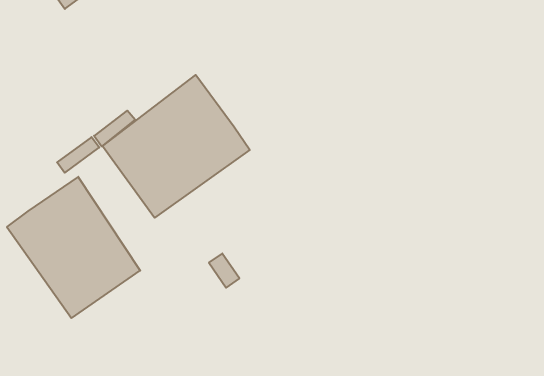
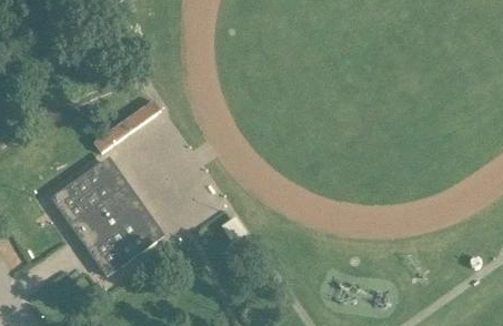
building: [102,75,250,218] -> none

